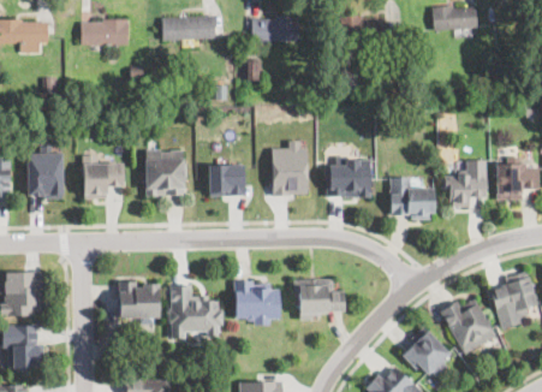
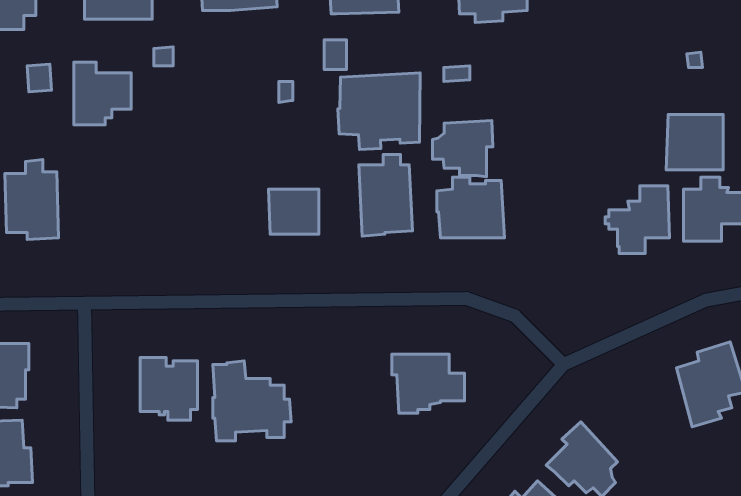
building: none -> [338,73,420,150]
building: none -> [666,114,723,170]
building: none -> [432,121,493,177]
building: [145,149,187,195] -> none
building: [84,154,124,197] -> [74,62,131,125]
building: [391,178,435,220] -> none
building: [234,279,280,325] -> none
building: [441,298,496,352] -> none

